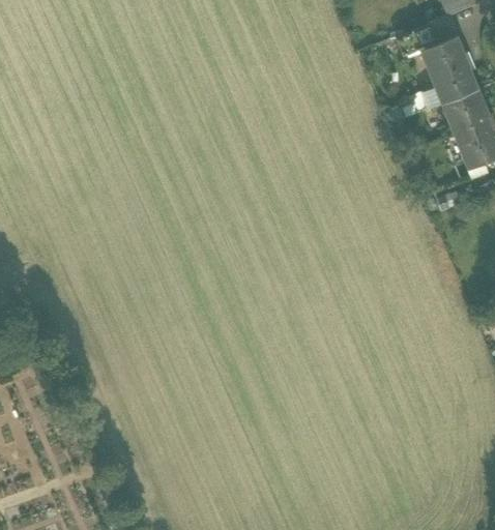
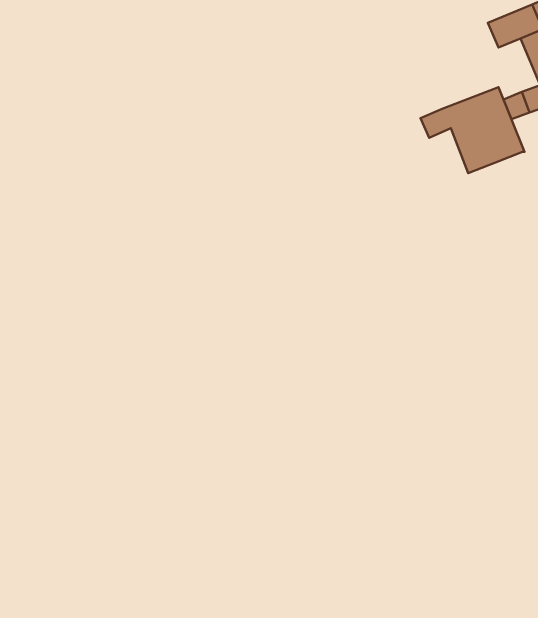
building: none -> [421,87,525,173]

